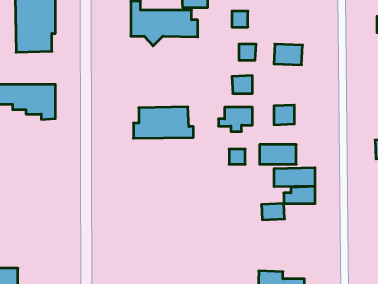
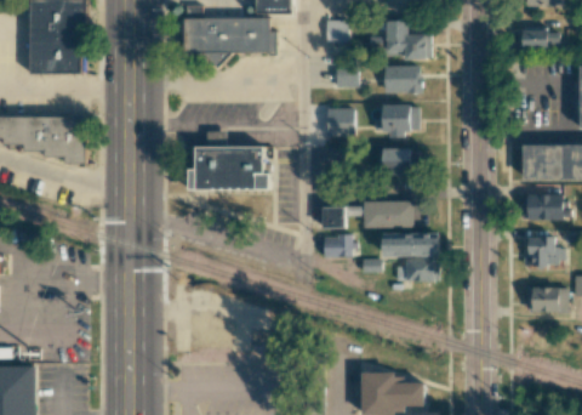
building: none -> [386,21,426,59]
building: [218,107,252,131] -> [372,104,418,137]
building: [261,204,285,220] -> [321,234,353,256]

